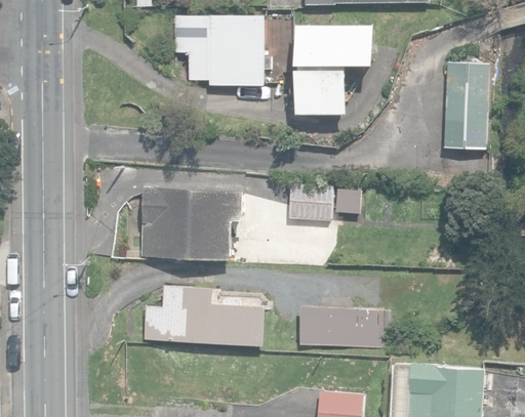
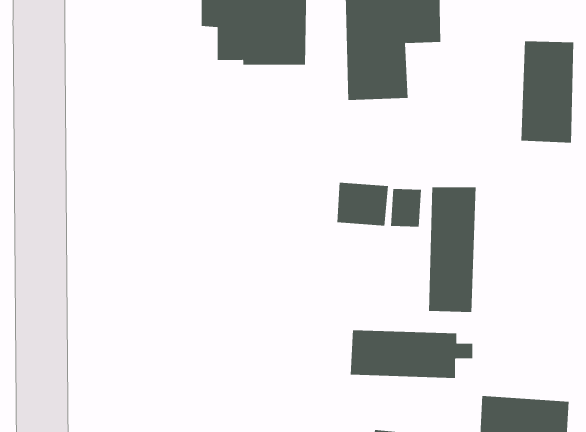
building: [139,186,243,261] -> none
building: none -> [428,186,476,313]
building: [143,285,266,346] -> none

